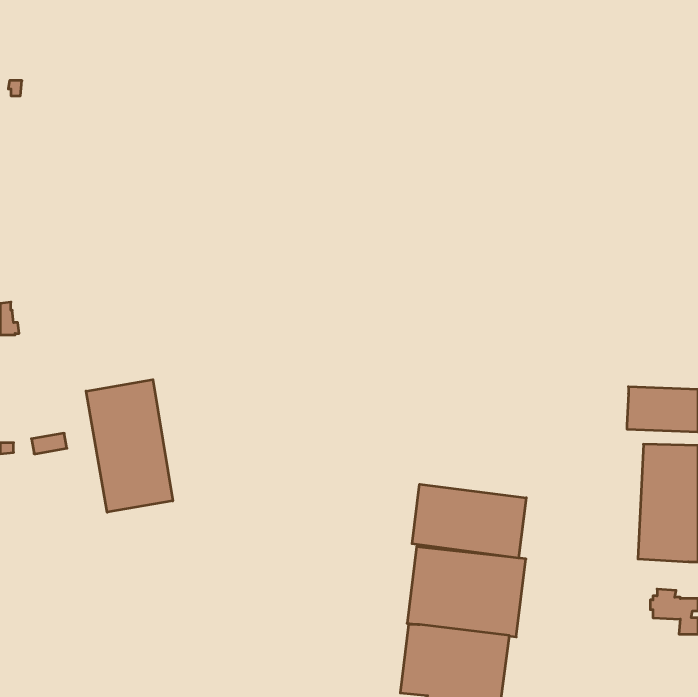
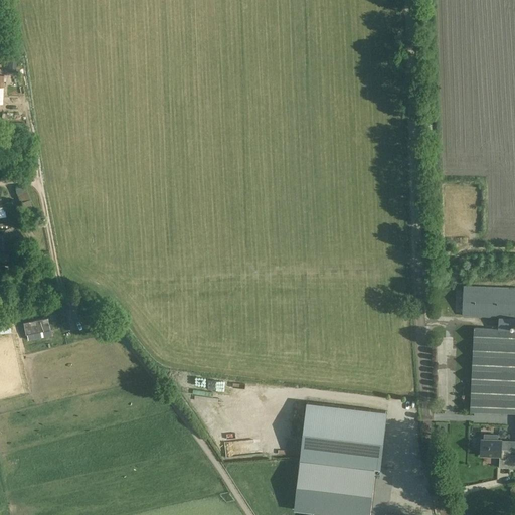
building: [86,380,173,512] -> none
building: [412,484,526,558] -> none

